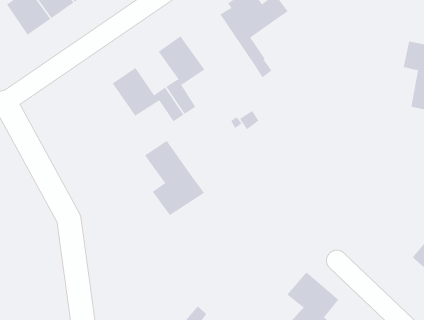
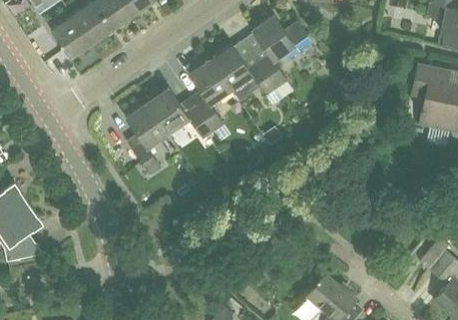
building: none -> [209,39,277,93]
building: [144,140,205,216] -> [125,102,180,172]

